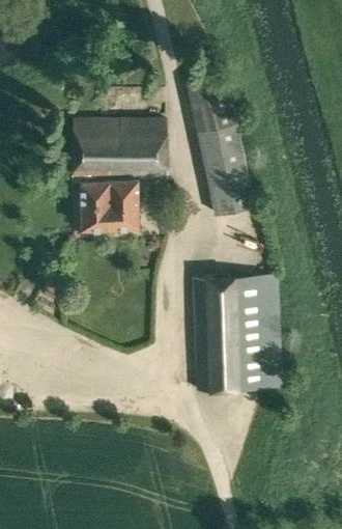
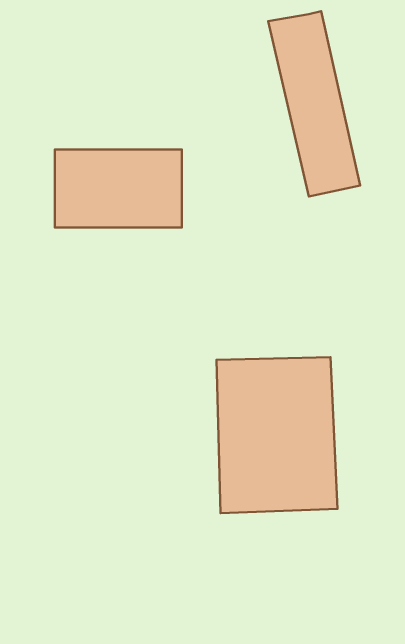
building: [186,75,254,213] -> [268,11,360,197]
building: [81,180,139,229] -> none

